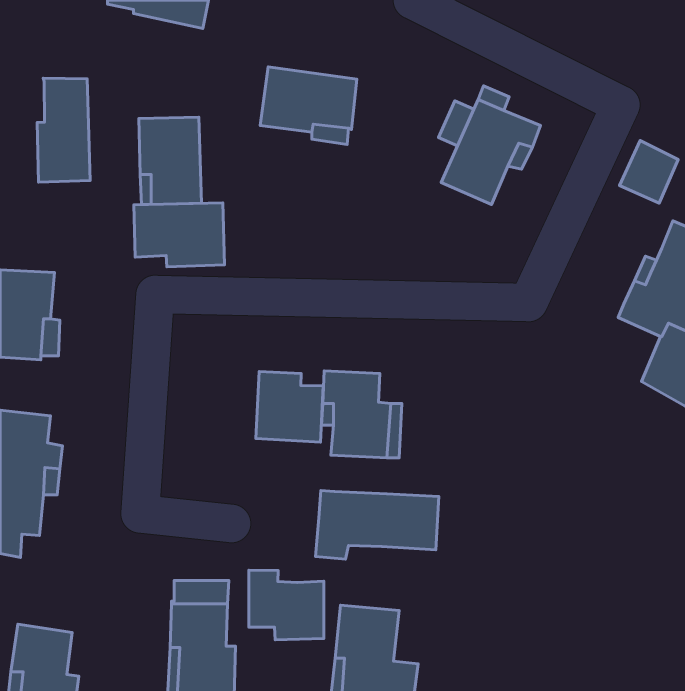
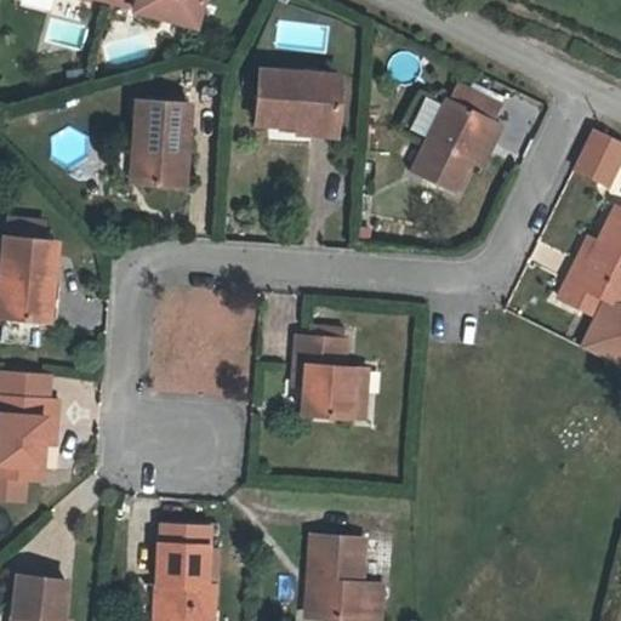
building: [37,78,90,182] -> none
building: [134,203,225,267] -> none
building: [256,372,323,442] -> none
building: [316,491,439,559] -> none
building: [249,570,324,640] -> none

